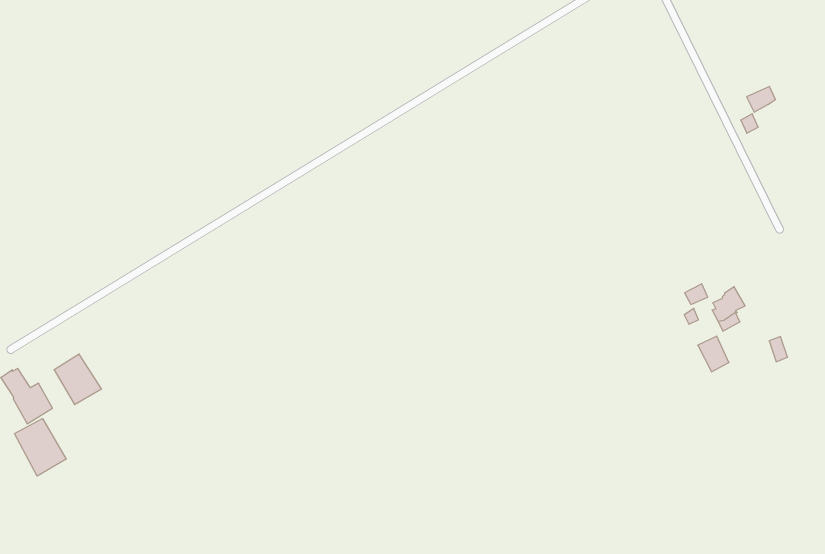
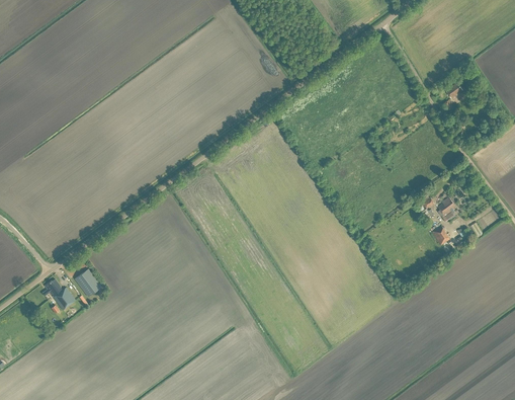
building: [15,419,66,476] -> none

